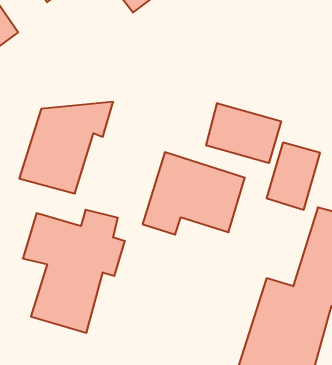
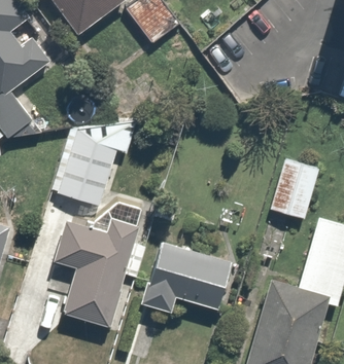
building: [206,103,281,163] -> none
building: [143,152,245,235] -> [142,241,233,314]

